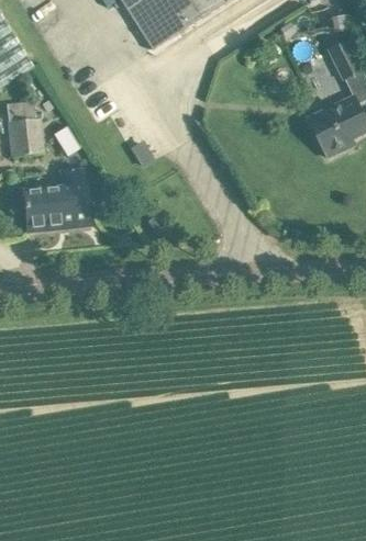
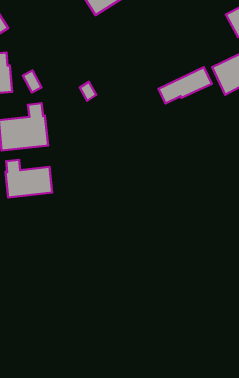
building: none -> [159,67,212,103]
building: none -> [5,160,52,198]

